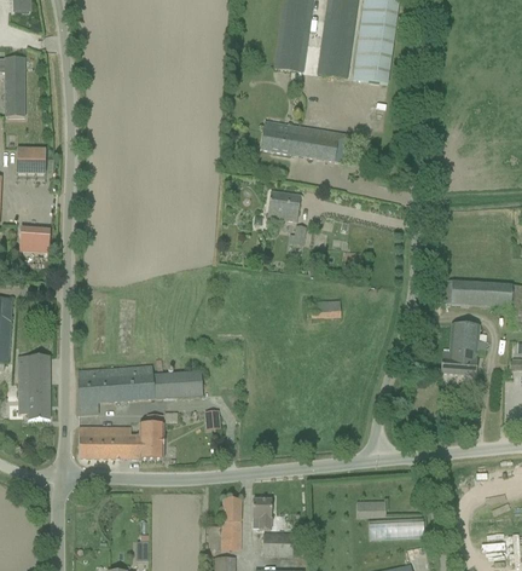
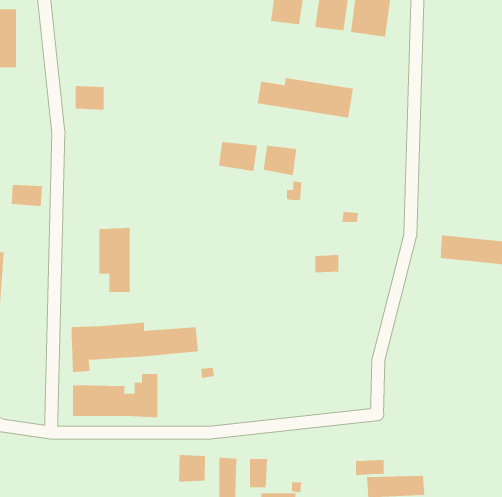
building: [16,148,45,172] -> [75,86,104,110]
building: none -> [218,141,257,172]
building: [440,322,486,374] -> none
building: [18,354,50,419] -> [99,227,131,292]
building: none -> [179,454,205,483]

